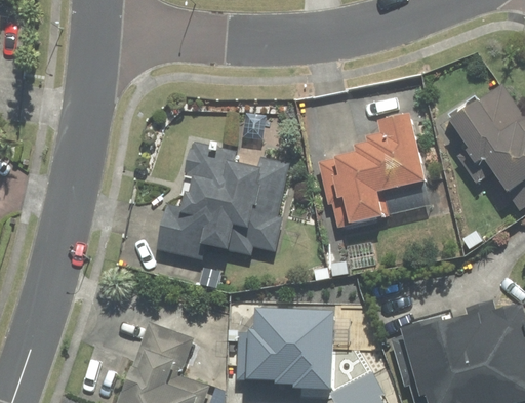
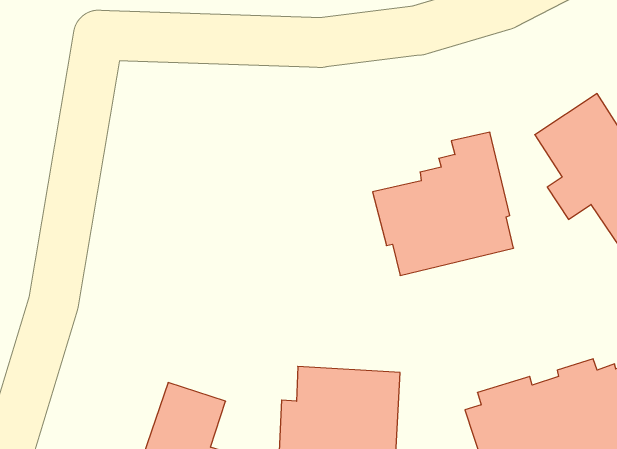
building: [156,142,287,256] -> none

